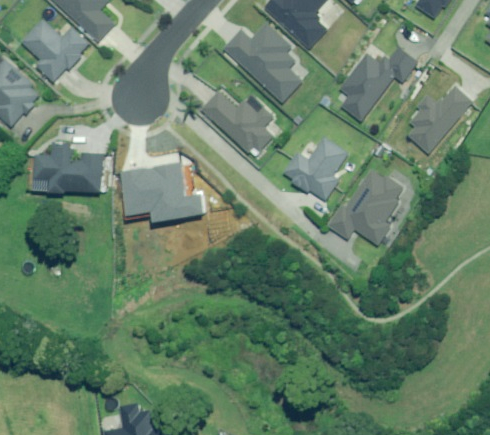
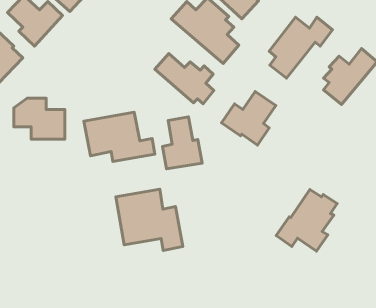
building: none -> [162,117,202,169]
building: [330,170,404,245] -> [276,190,337,251]
building: none -> [116,189,183,250]

